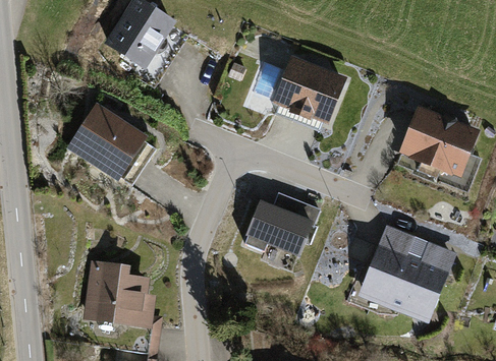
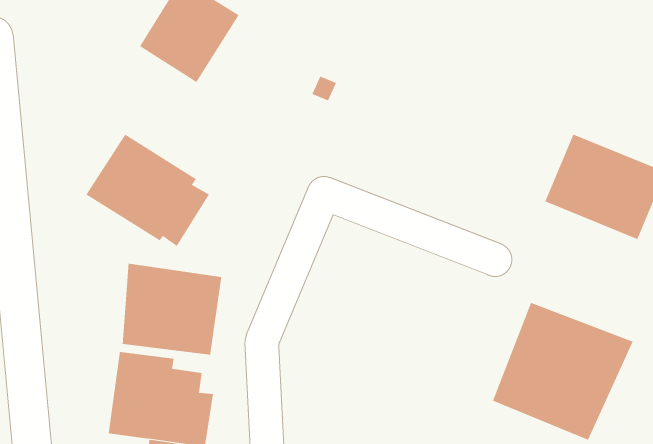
building: [272,54,347,124] -> none
building: [243,193,319,257] -> none
building: none -> [122,263,222,356]

